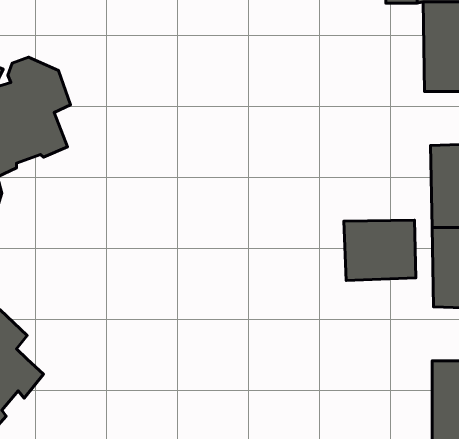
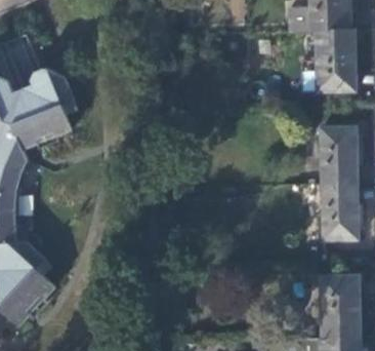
building: [344,220,416,280] -> none

